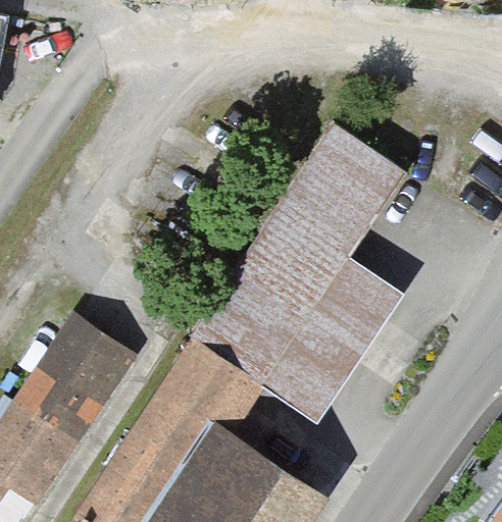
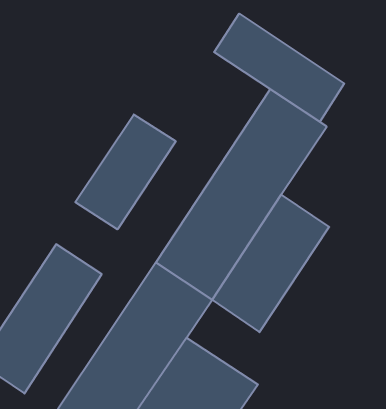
building: none -> [214,14,344,122]
building: none -> [75,114,176,229]

